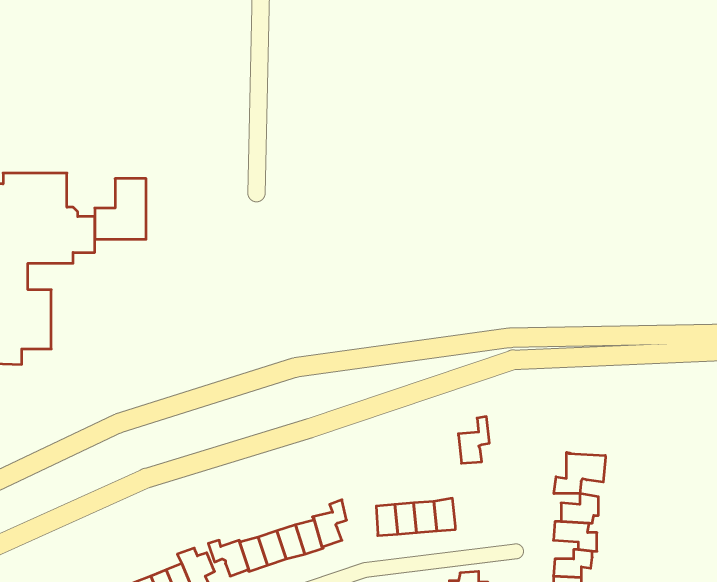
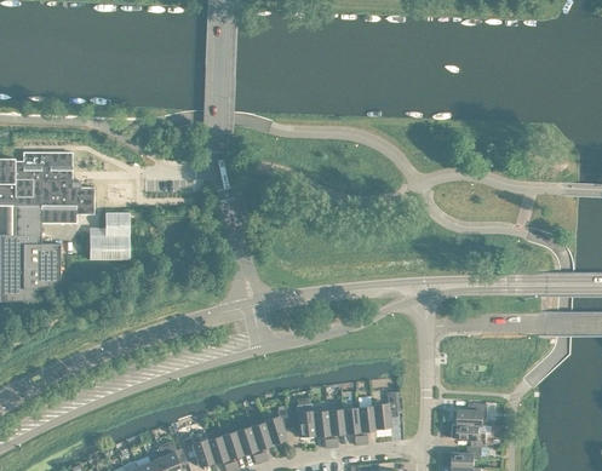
building: [95,179,146,239] -> [90,212,130,259]
building: [458,417,489,463] -> [373,391,397,427]
building: [554,452,606,494] -> none
building: none -> [287,403,315,436]

